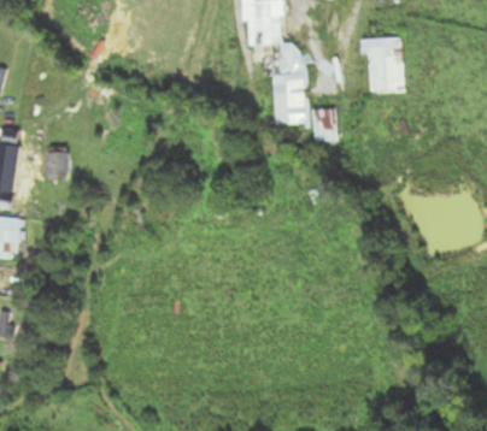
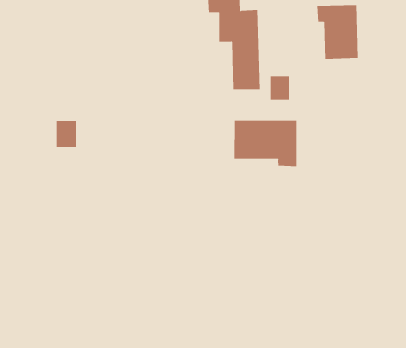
building: [47,152,69,179] -> [56,121,77,147]
building: none -> [234,120,297,167]

